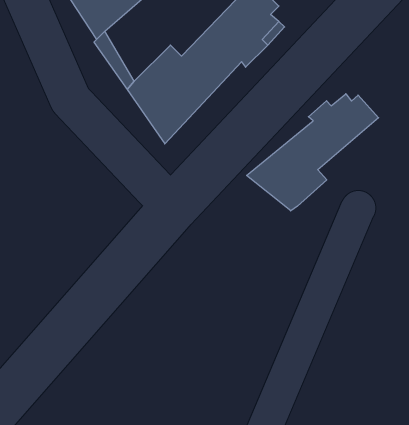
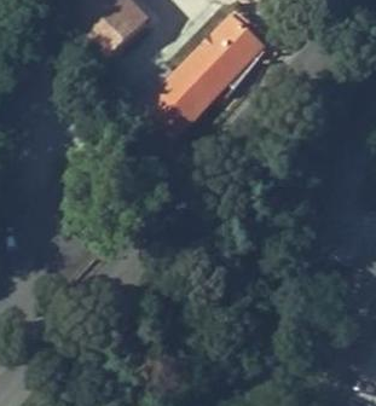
building: [247,94,379,211] -> none

